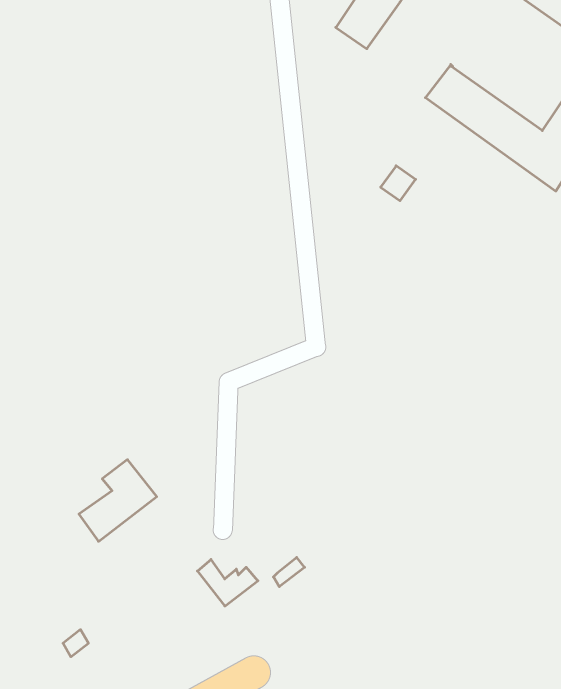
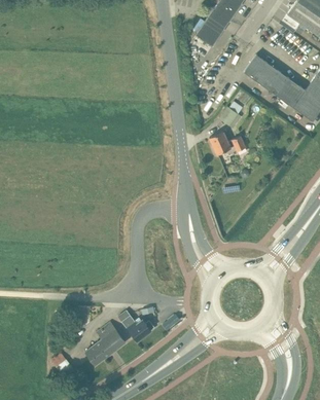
building: none -> [209,132,245,155]
building: [79,460,157,541] -> [84,323,126,366]

